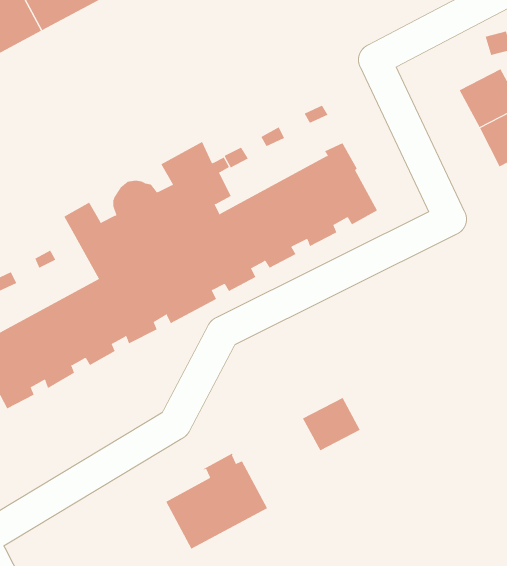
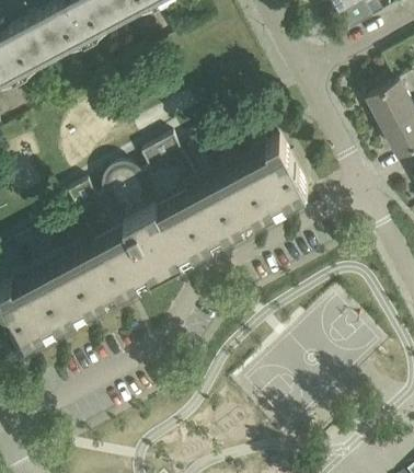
building: [302,397,361,451] -> none
building: [165,453,268,549] -> none

